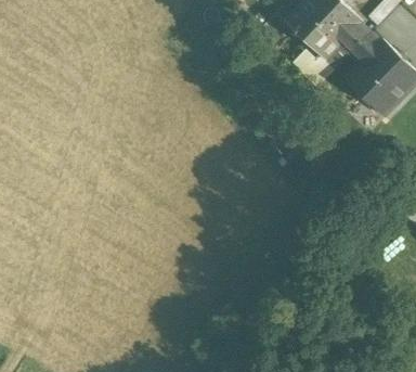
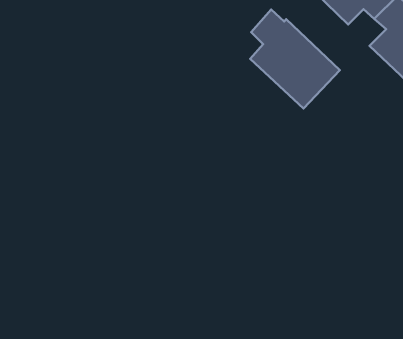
building: none -> [250,9,340,109]

